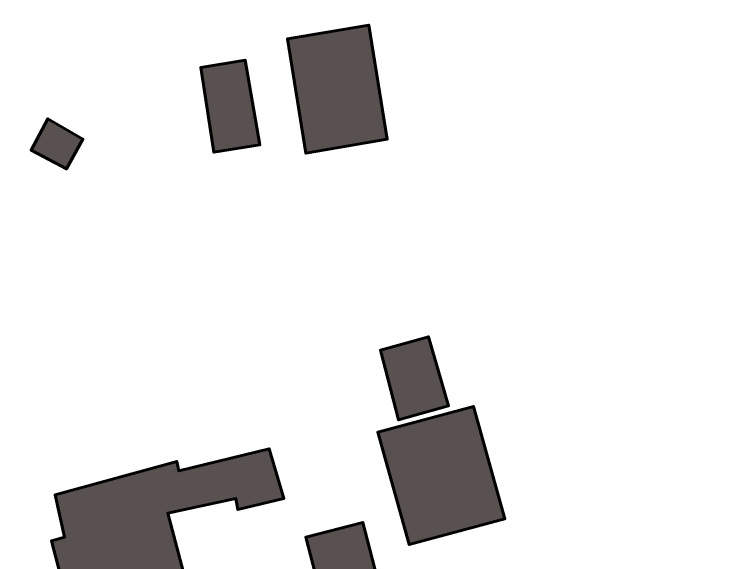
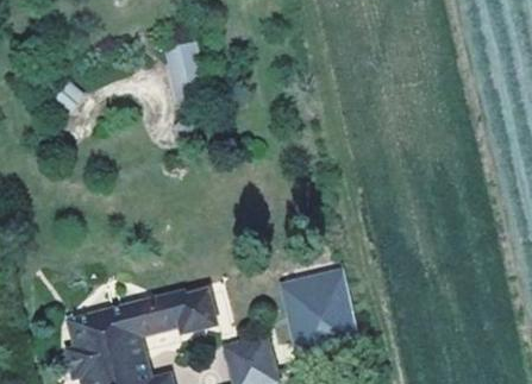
building: [288,25,387,153] -> none
building: [380,337,448,420] -> none

